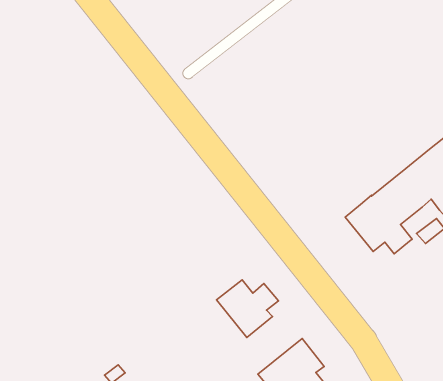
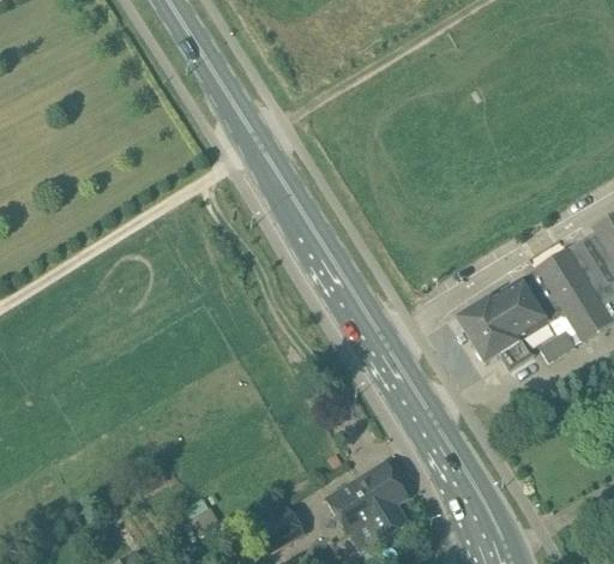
building: [216,280,278,338] -> none

